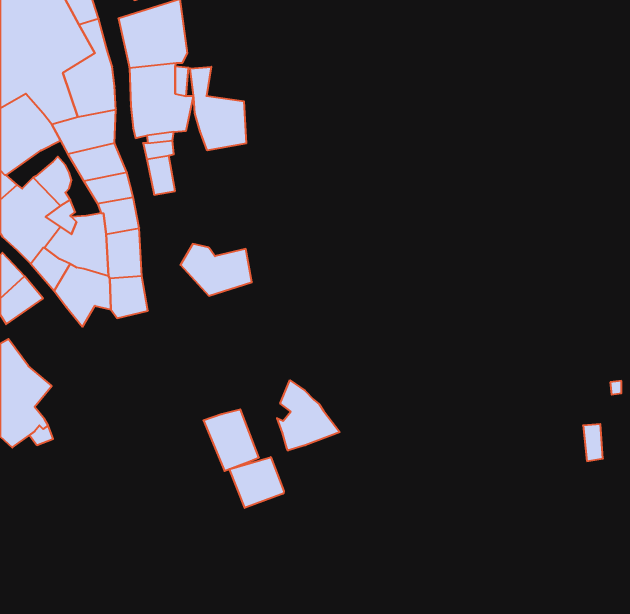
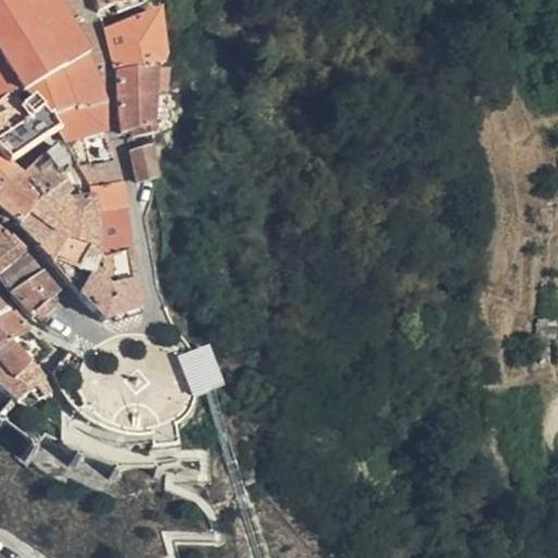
building: [190,67,246,150] -> none
building: [180,244,252,296] -> [73,270,136,316]
building: none -> [5,264,54,311]
building: [277,380,340,451] -> none
building: [229,457,284,508] -> none

